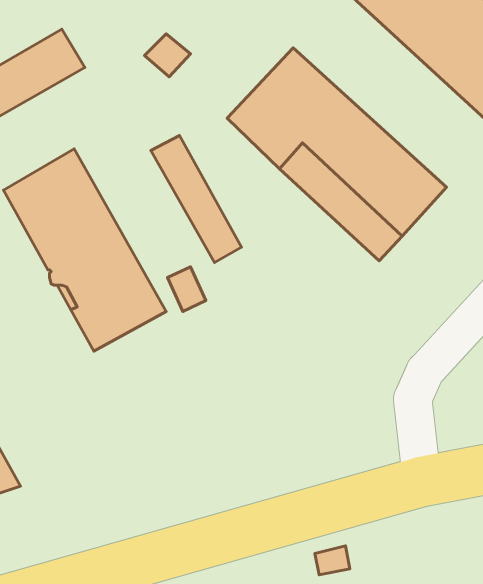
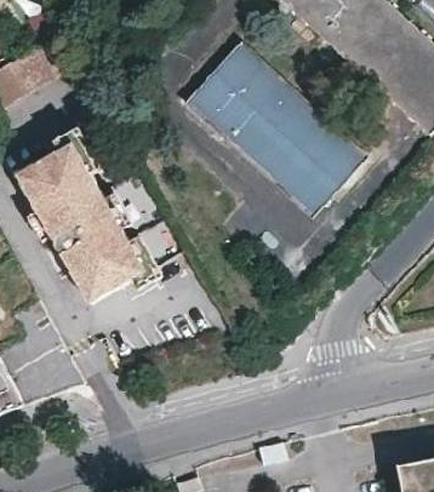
building: [151,135,242,262] -> none

